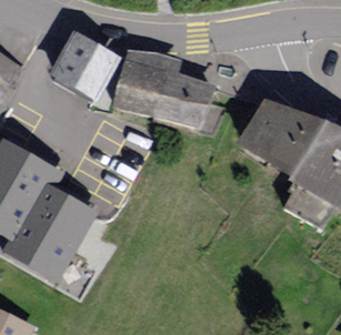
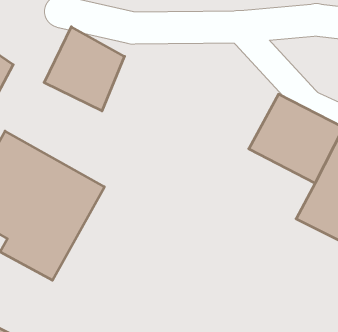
building: [114,44,220,130] -> none

